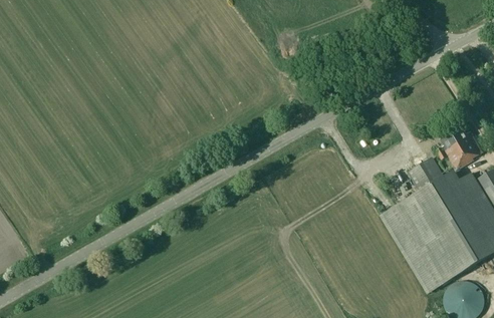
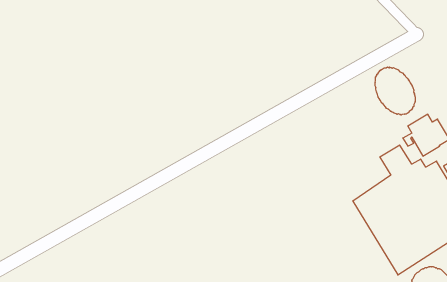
building: none -> [375,67,415,115]

